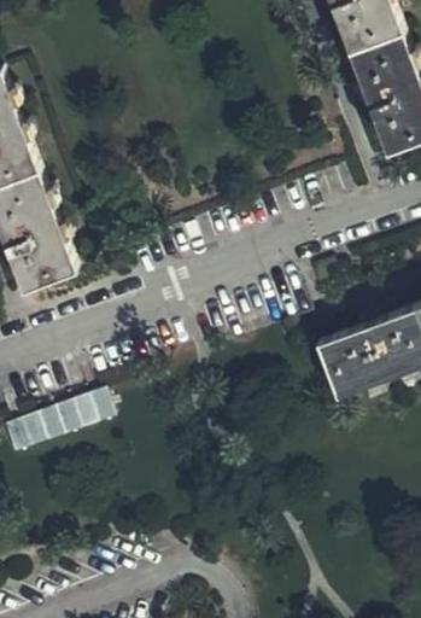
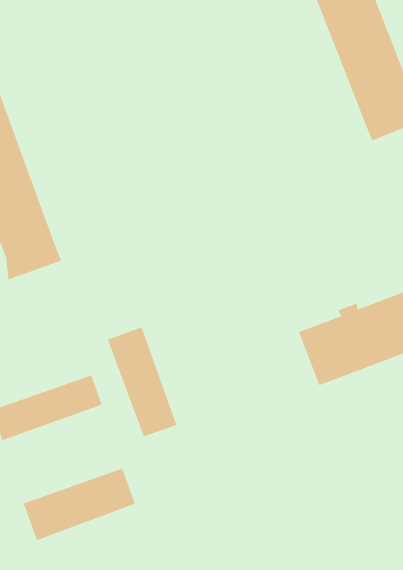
building: none -> [107,326,177,437]
building: none -> [23,468,135,541]

